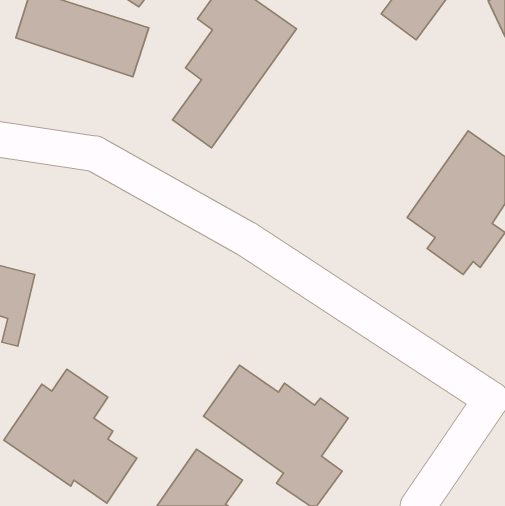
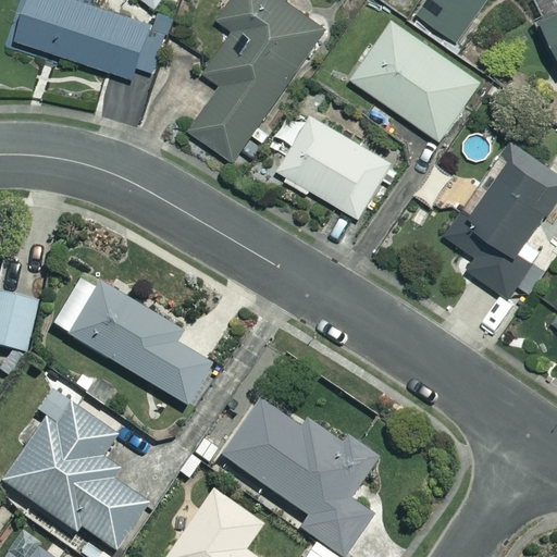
building: none -> [350,22,482,143]
building: none -> [277,114,391,219]
building: none -> [69,280,212,404]

